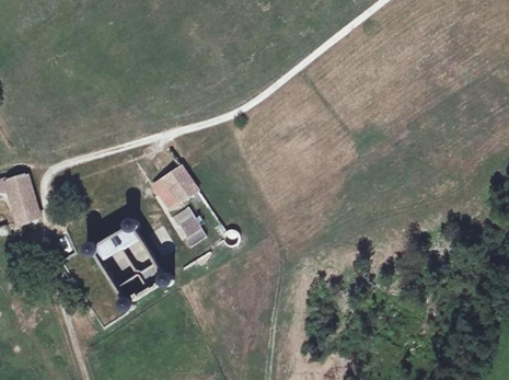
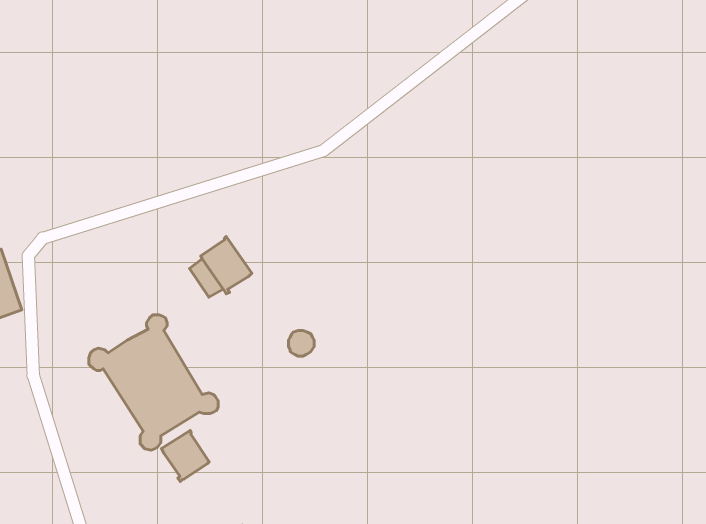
building: [171,203,206,244] -> none
building: none -> [162,430,209,481]

